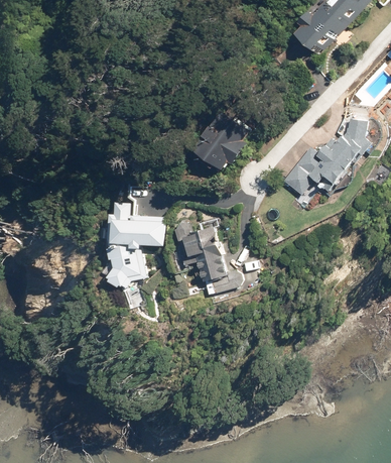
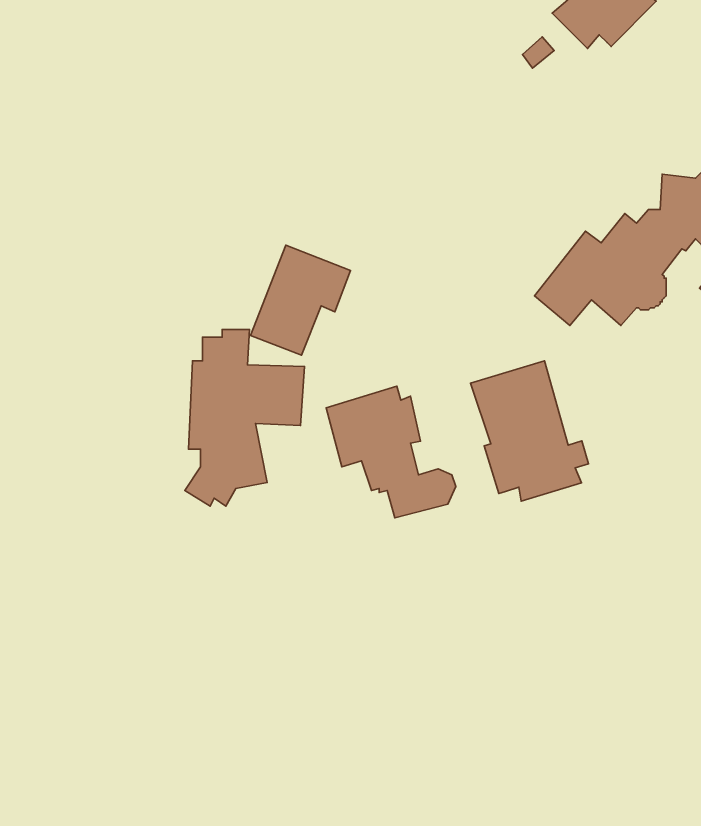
building: [196,113,247,169] -> [250,245,351,355]
building: none -> [471,361,589,501]

